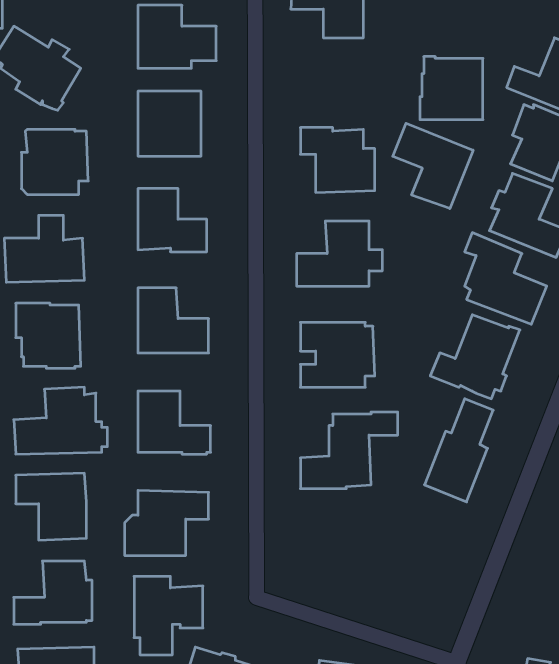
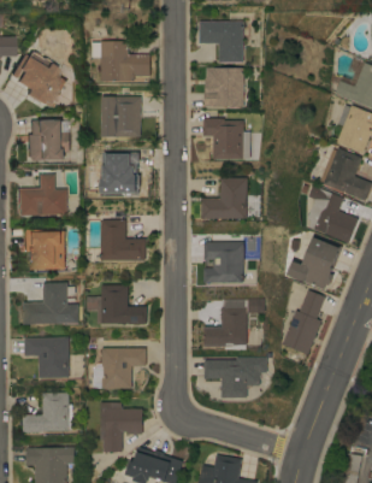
building: [420,57,483,120] -> [203,66,243,106]
building: [393,123,473,209] -> none
building: none -> [203,357,267,397]

